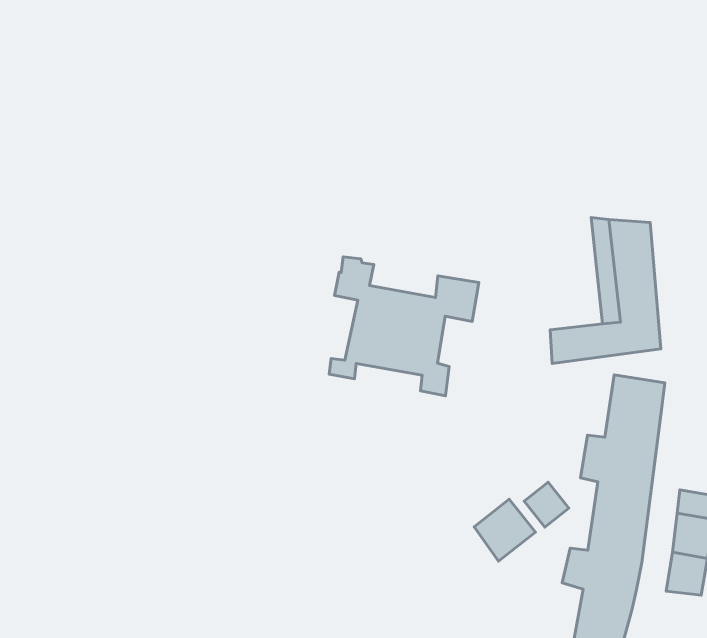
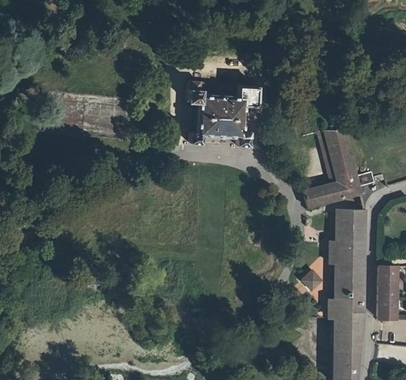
building: [329,257,479,396] -> [187,80,259,144]
building: [474,499,535,561] -> none

